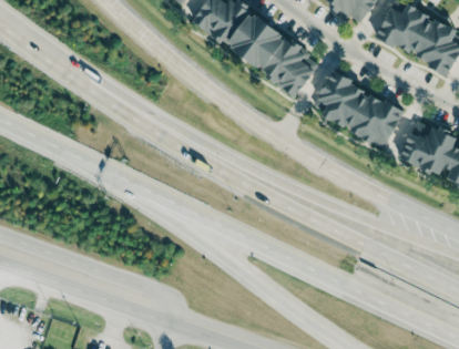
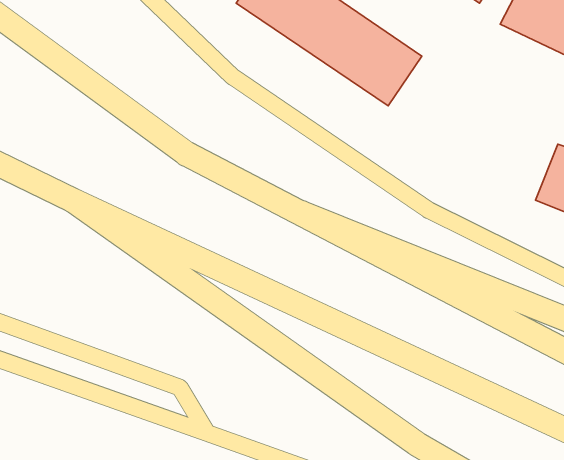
building: [314,73,404,148] -> none

